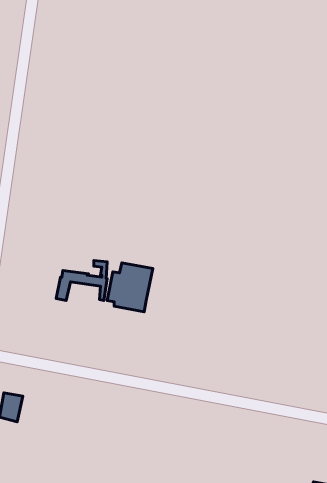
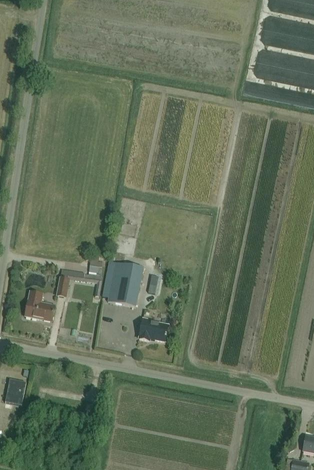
building: none -> [25,290,55,320]
building: none -> [139,319,168,340]

